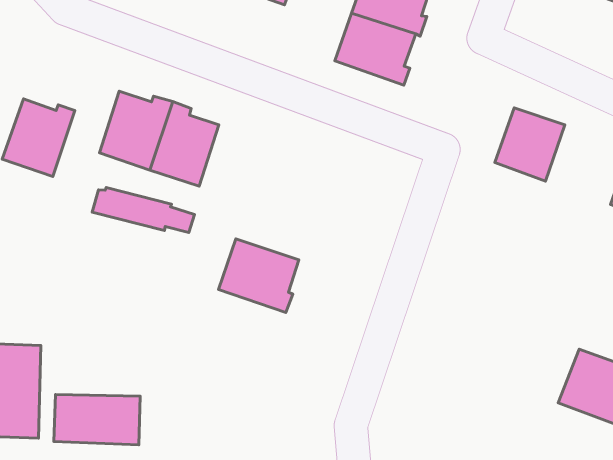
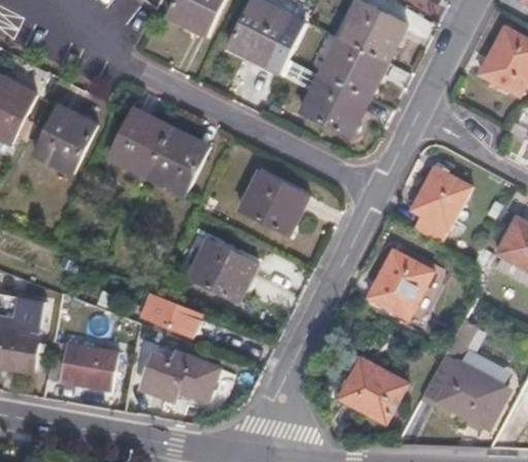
building: none -> [239,172,304,233]
building: [92,188,194,233] -> [137,295,216,338]
building: none -> [369,249,435,318]
building: none -> [339,356,407,421]
building: none -> [140,350,220,402]

